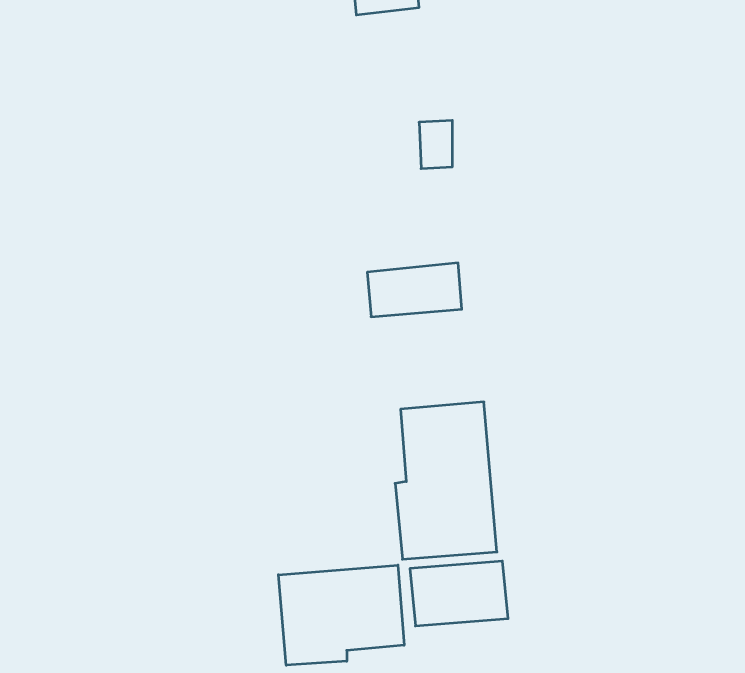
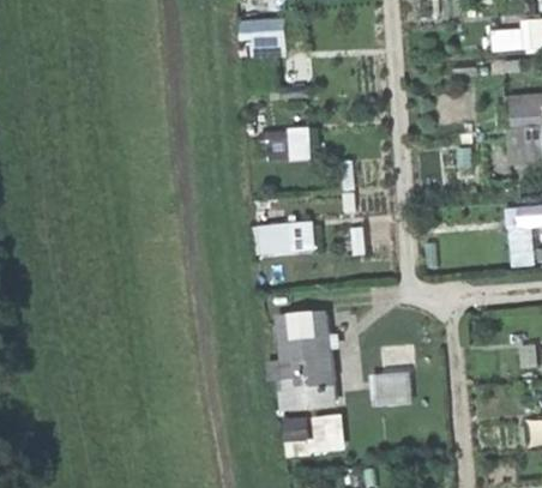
building: none -> [369,370,410,405]
building: [278,565,404,665] -> none

